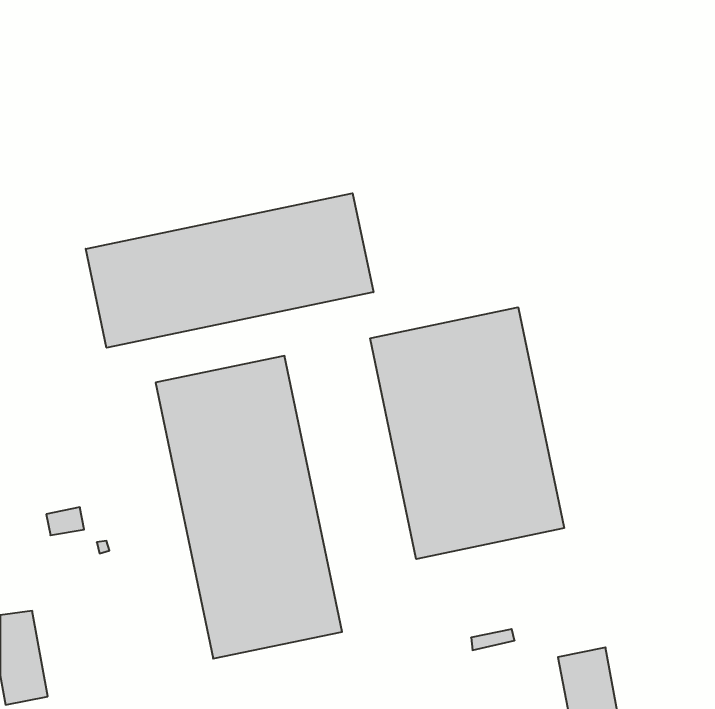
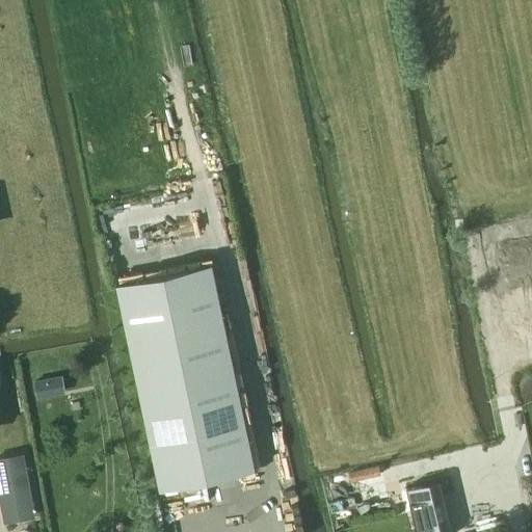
building: [86,193,373,348] -> none
building: [370,307,564,559] -> none

